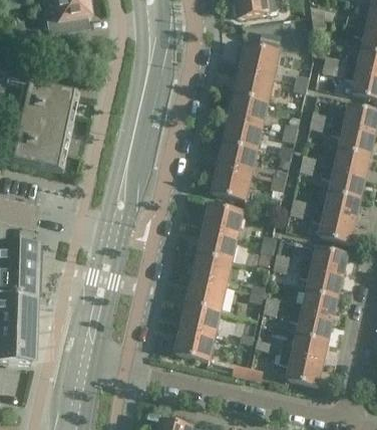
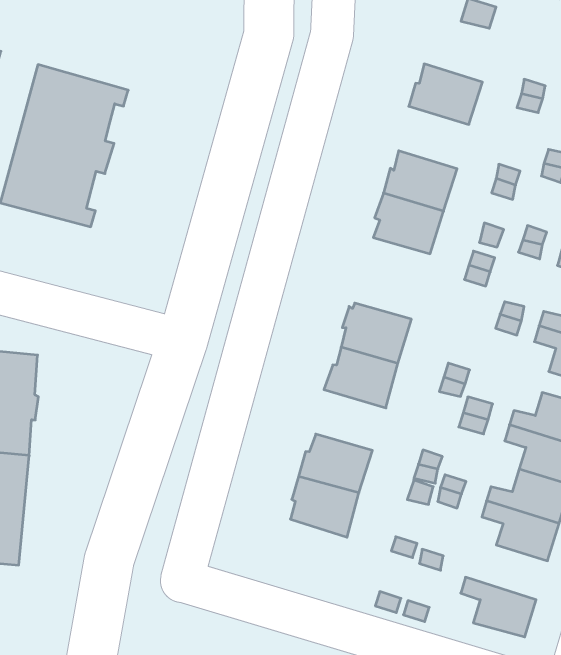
building: [241,44,279,76] -> none
building: [230,92,268,126] -> none
building: [212,167,251,199] -> none
building: [194,253,232,285] -> none
building: [175,327,215,360] -> none
building: [282,334,327,363] -> none

